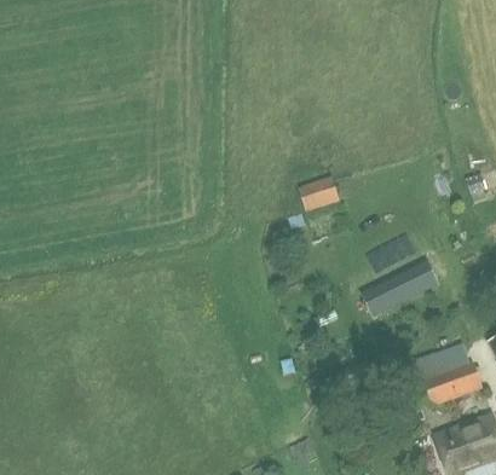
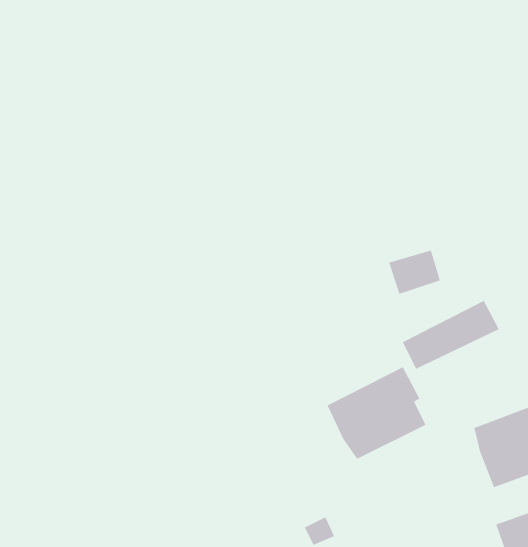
building: [296,176,338,212] -> [388,250,441,295]
building: none -> [326,366,427,460]

